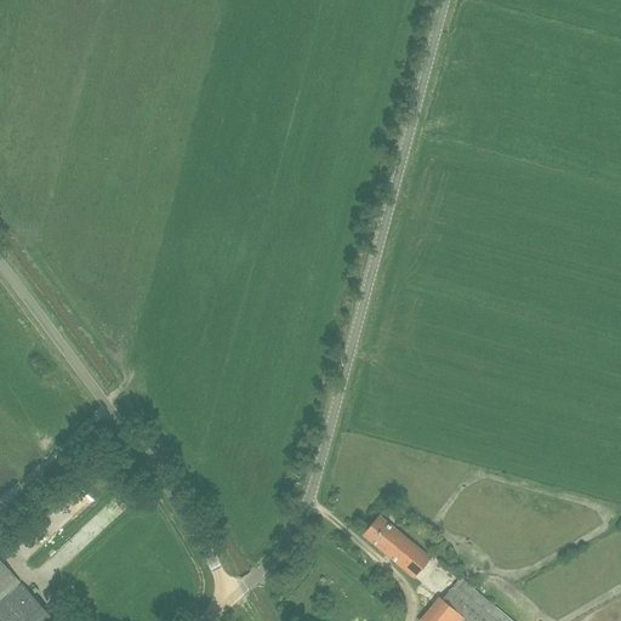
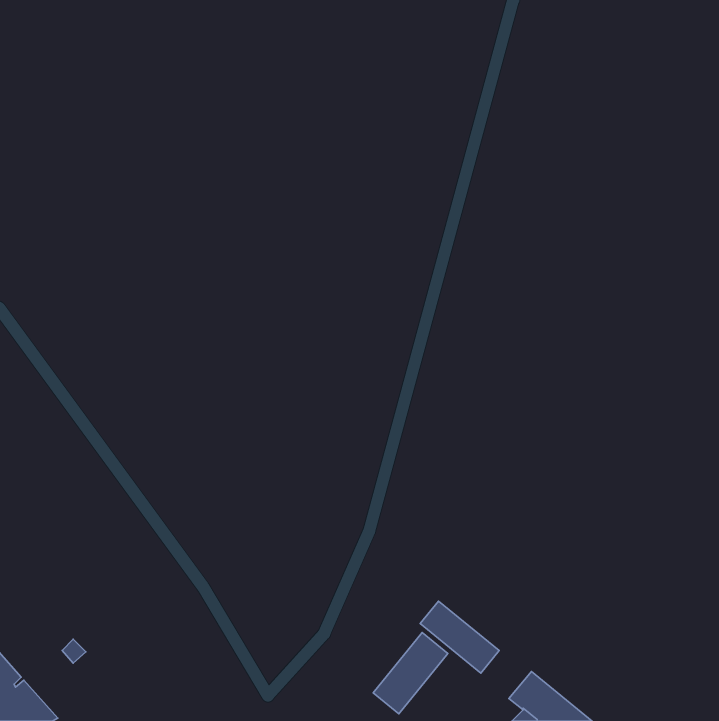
building: none -> [373,633,448,714]

